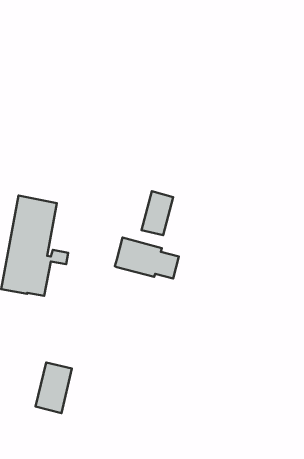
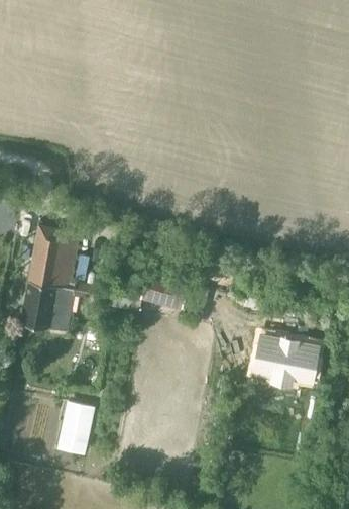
building: [142,191,173,235] -> none
building: none -> [258,336,322,385]

